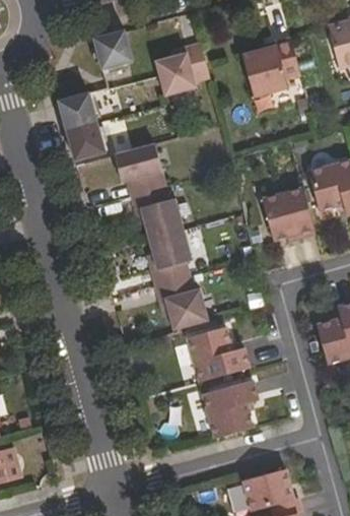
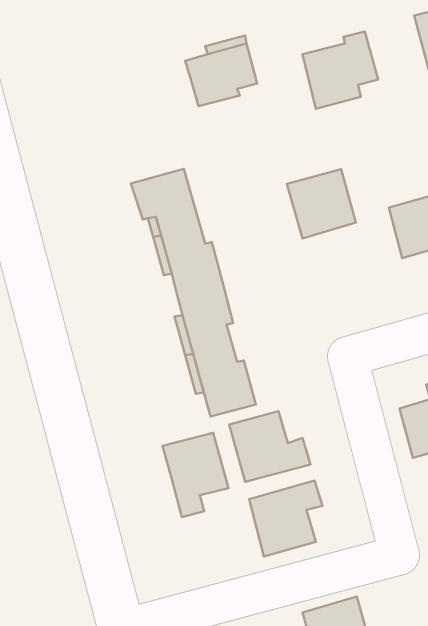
building: [93,30,132,69] -> none
building: [58,93,104,160] -> none
building: [262,188,314,241] -> [287,169,356,238]
building: none -> [162,433,228,517]

